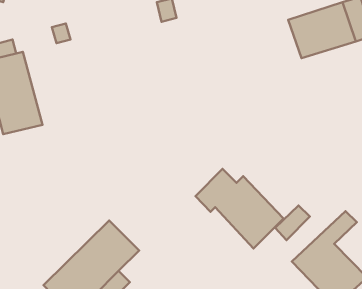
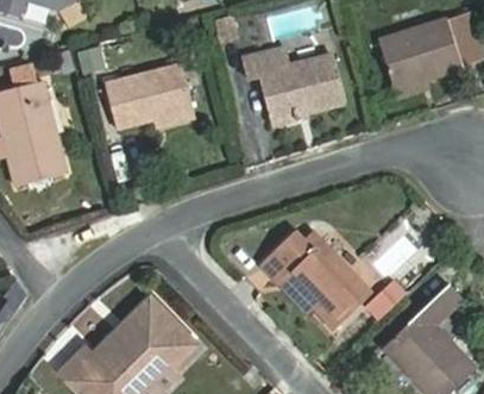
building: none -> [241,45,346,121]
building: none -> [105,63,194,127]

